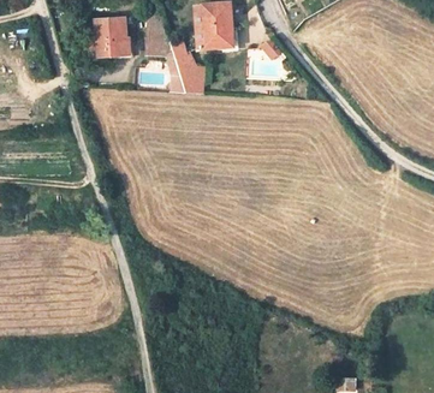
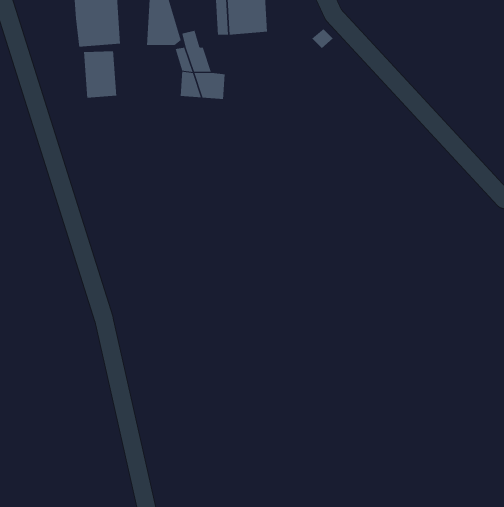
building: none -> [84,50,117,98]

